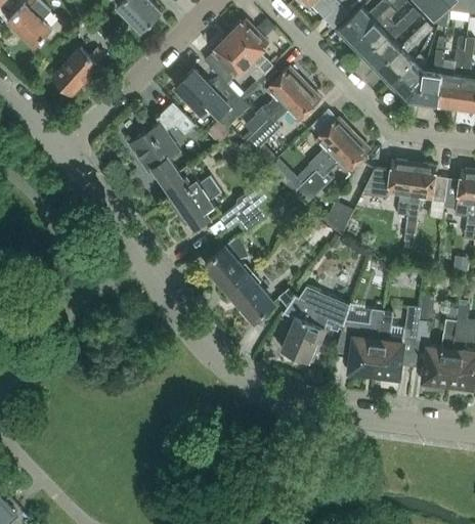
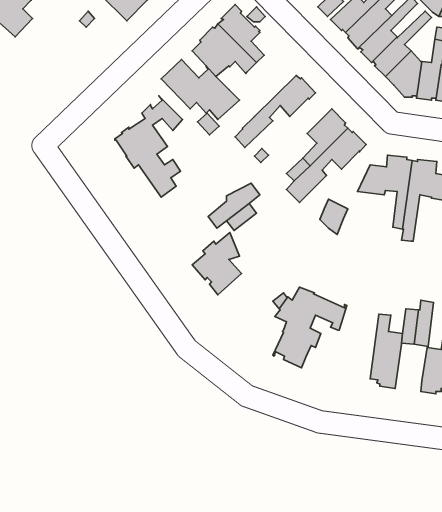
building: [52,48,104,95] -> none
building: [254,64,303,123] -> none
building: [170,175,221,228] -> none
building: [228,272,276,322] -> none
building: [334,309,382,377] -> none

